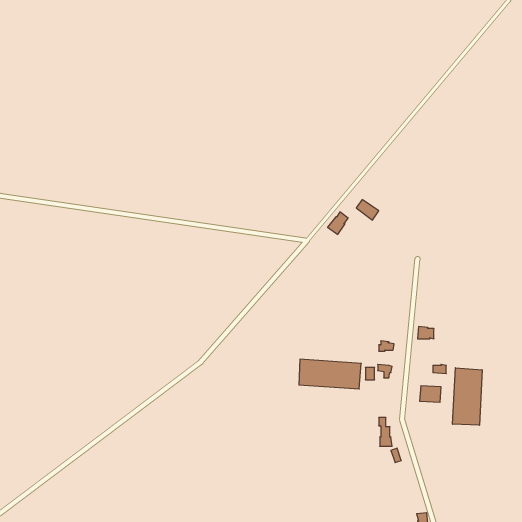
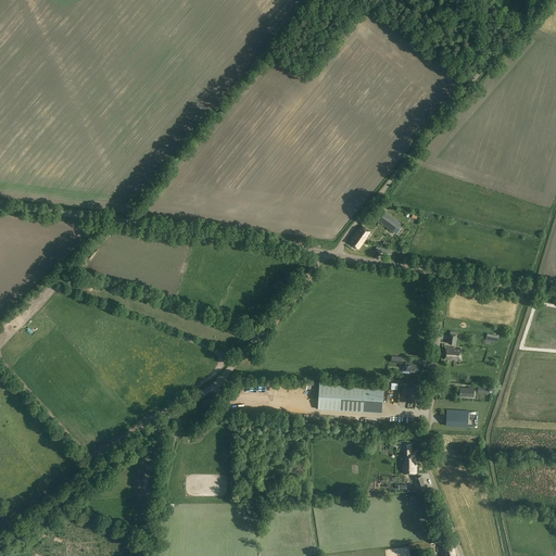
building: [453,368,482,425] -> none

